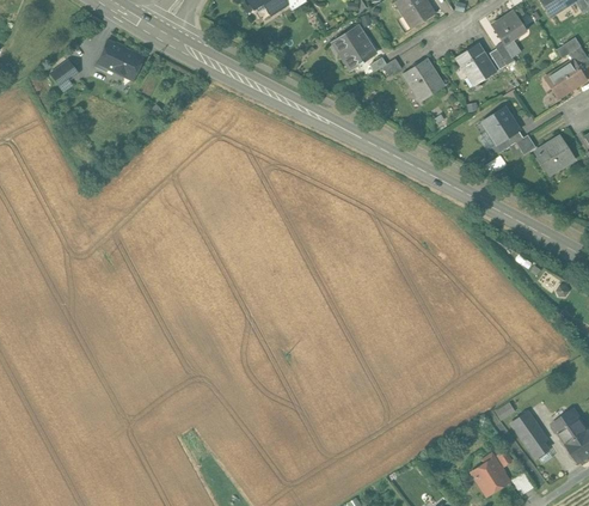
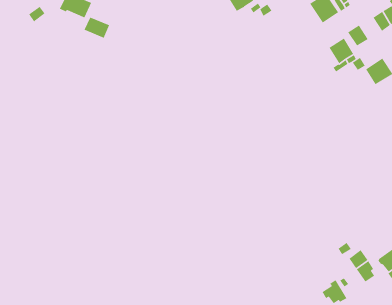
building: [404,59,443,100] -> none
building: none -> [84,17,110,39]
building: none -> [347,24,369,46]

